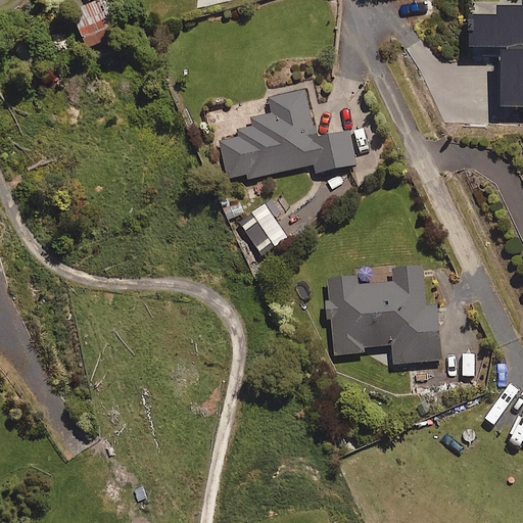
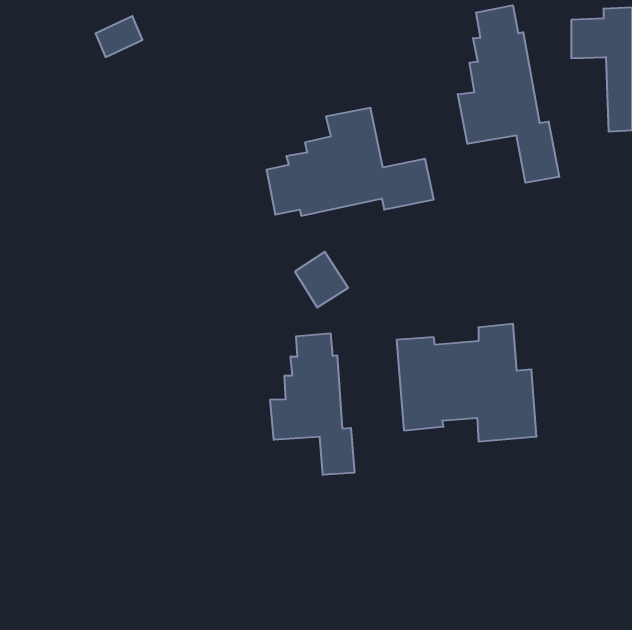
building: none -> [458,5,559,183]
building: none -> [270,333,354,475]

